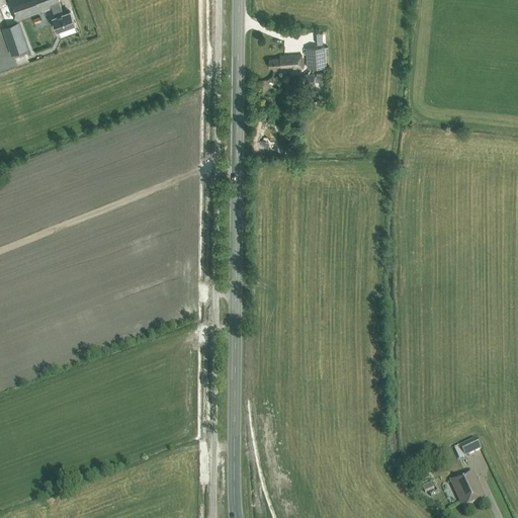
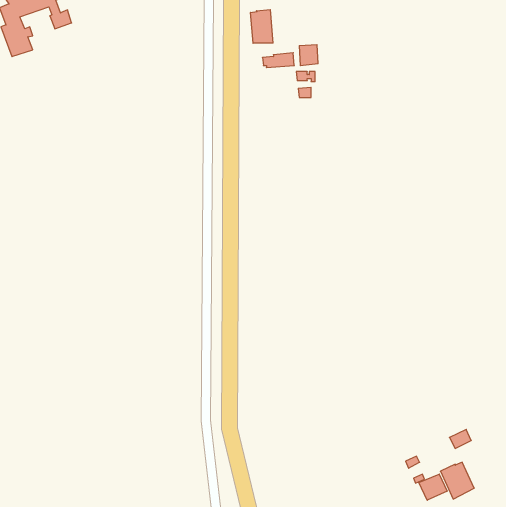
building: none -> [251,10,273,43]
building: none -> [419,474,447,500]

